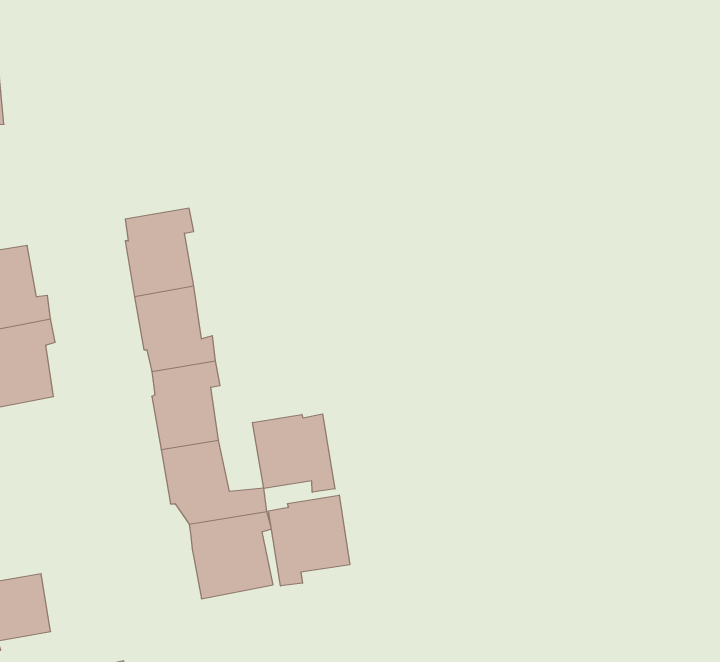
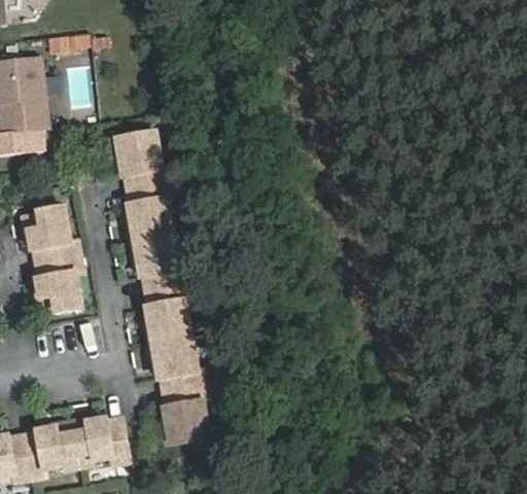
building: none -> [112,132,167,189]
building: [253,414,335,492] -> none
building: [269,495,350,586] -> none
building: none -> [69,417,127,462]

